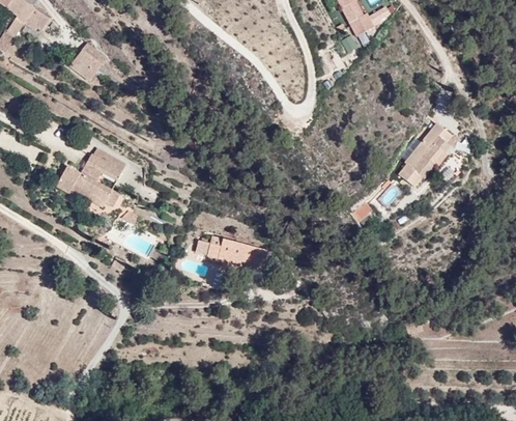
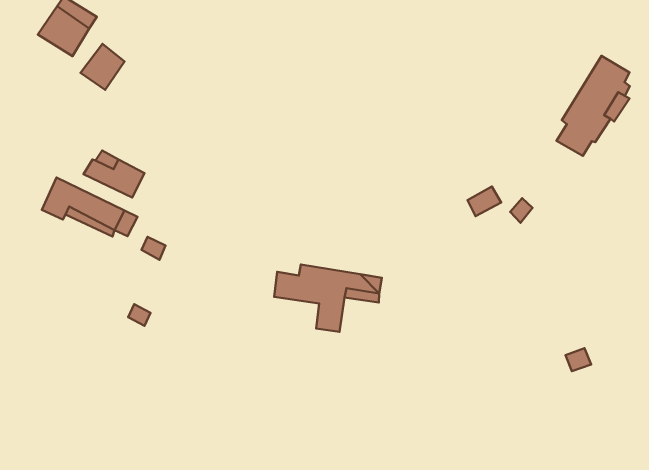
building: none -> [80,44,125,90]

